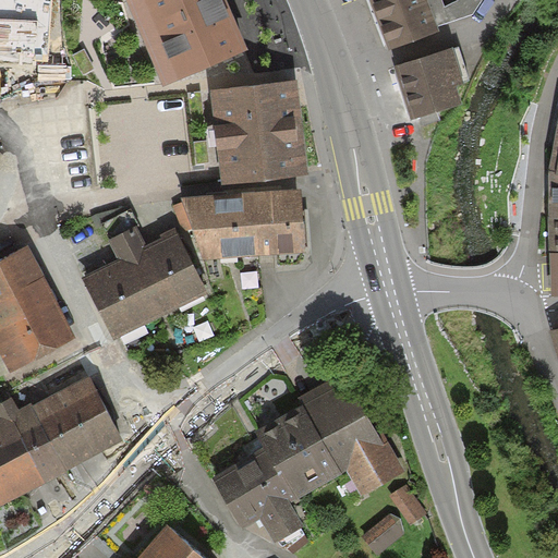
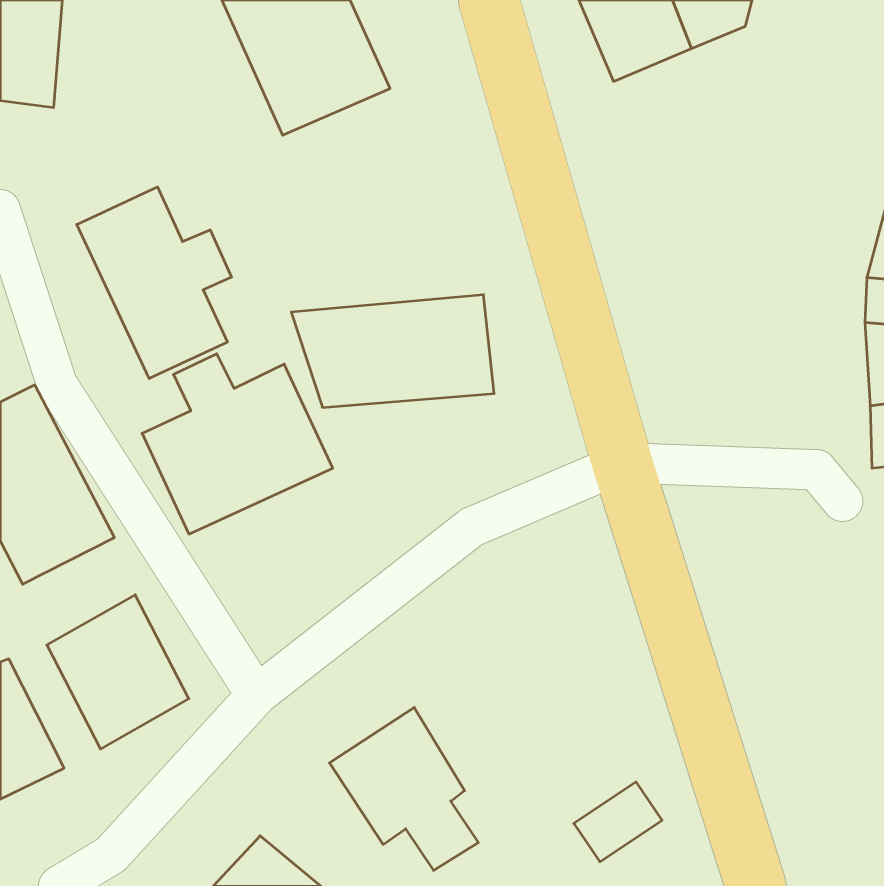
building: [393,48,468,118] -> none
building: [211,71,308,180] -> none
building: none -> [77,187,232,379]
building: [253,381,398,497] -> none
building: [7,403,64,483] -> none

